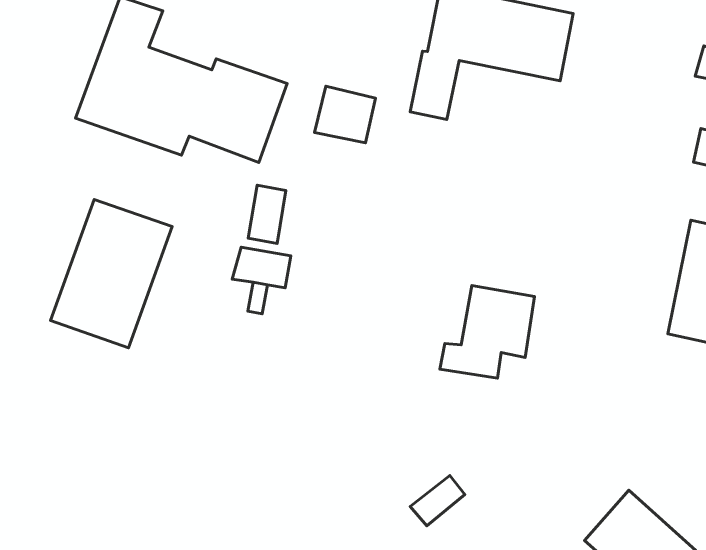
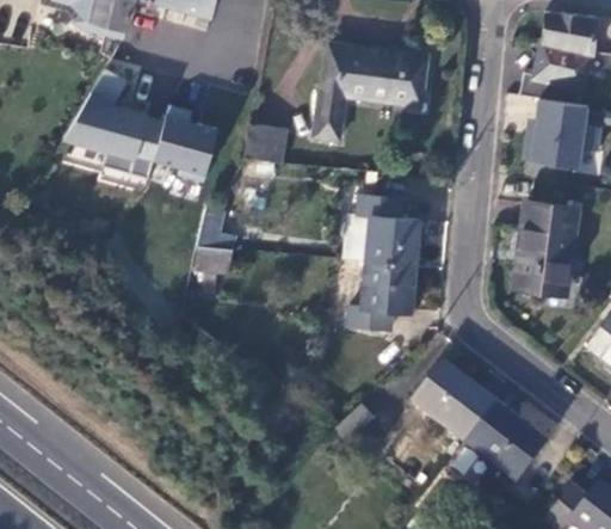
building: none -> [358,193,419,265]
building: [51,199,172,348] -> none
building: none -> [412,362,494,442]

